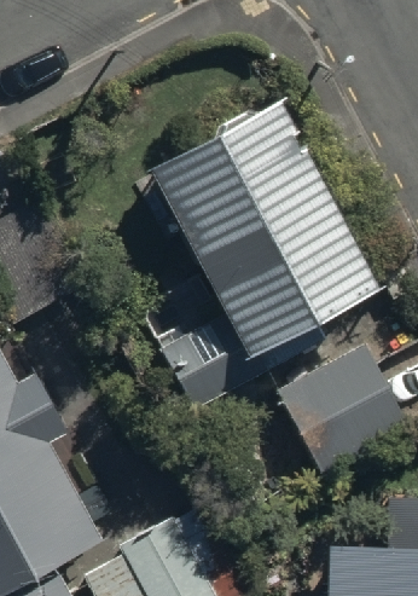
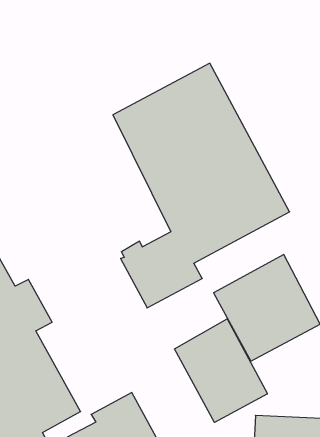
building: none -> [174,319,267,422]

